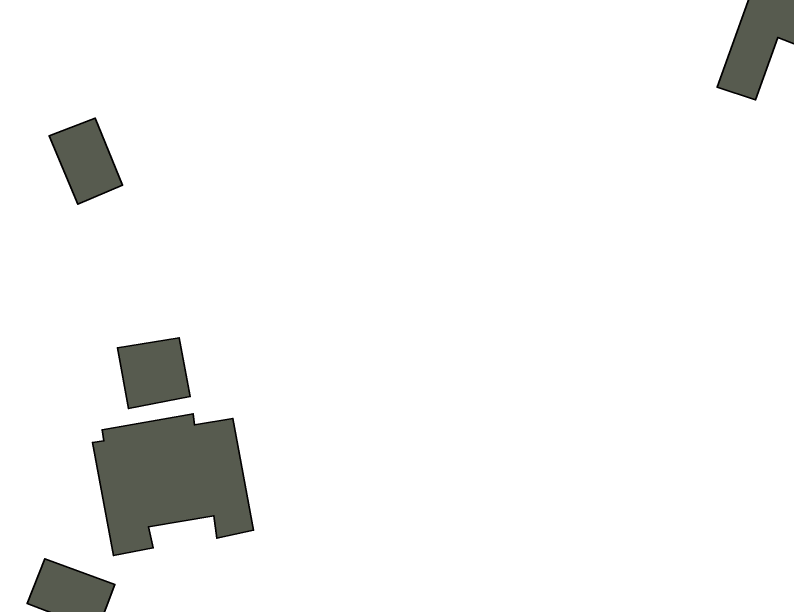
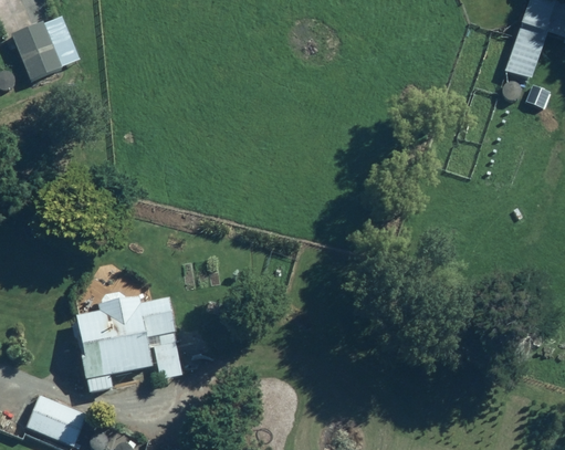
building: [49,118,122,204] -> [12,22,63,82]
building: [118,338,190,408] -> none

